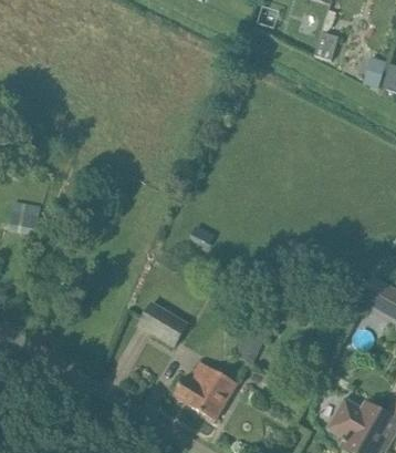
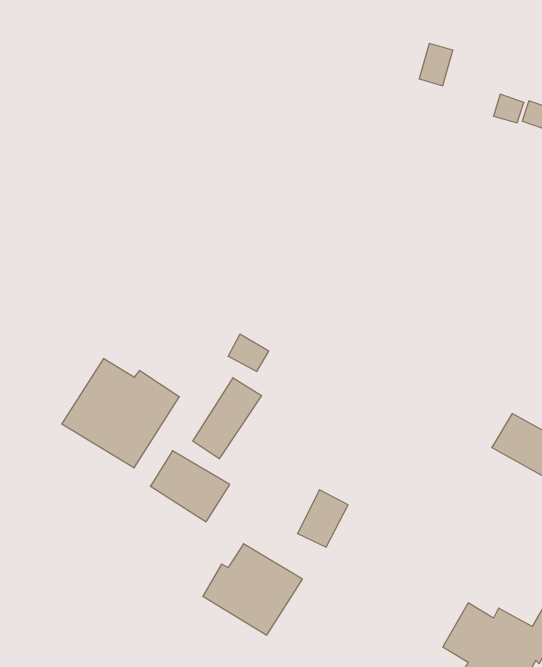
building: none -> [62,359,179,468]
building: none -> [193,378,261,459]

